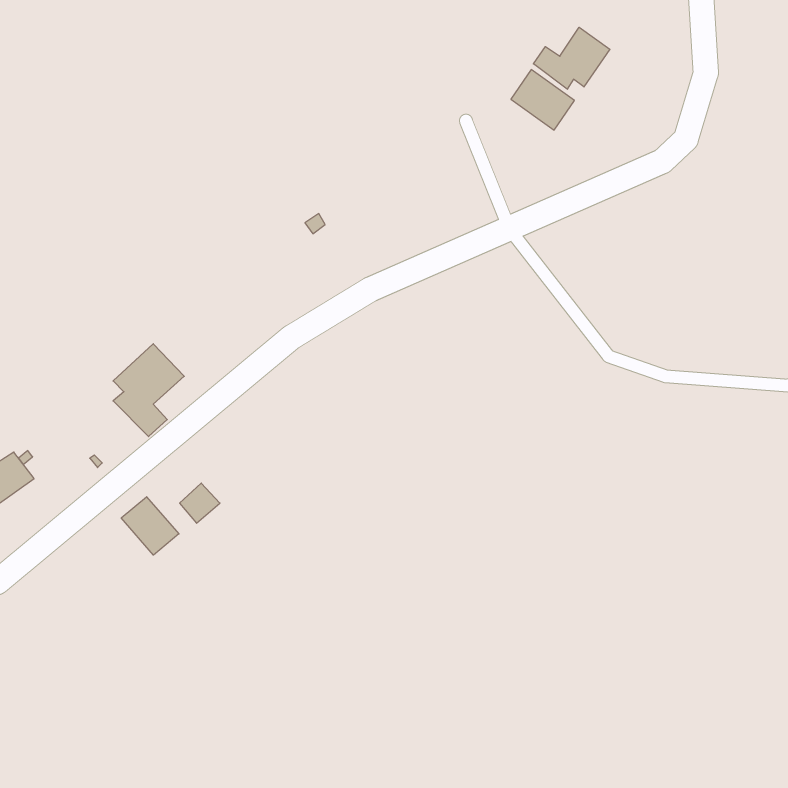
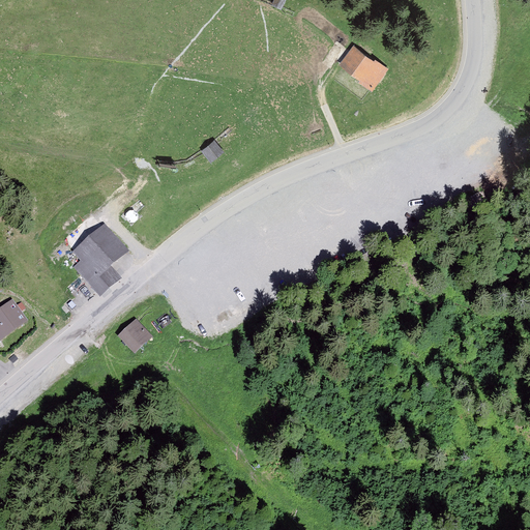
building: [533,27,610,89] -> none
building: [121,497,179,555] -> none

